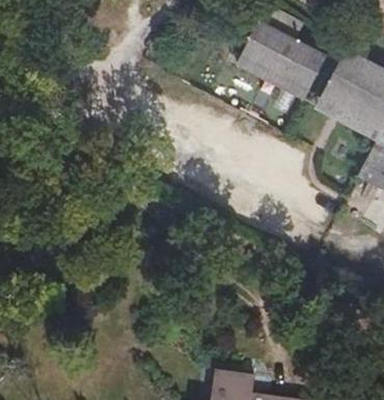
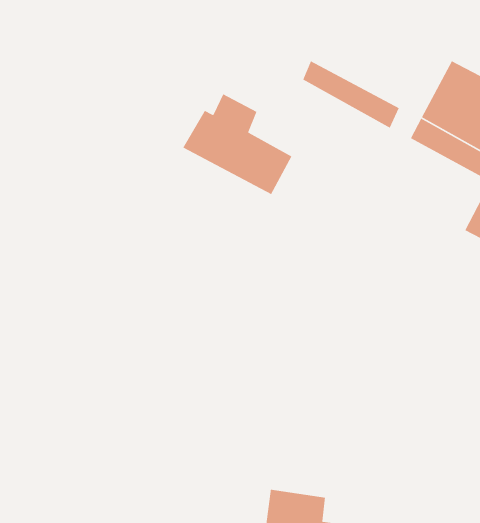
building: [244,10,326,86] -> [182,93,293,195]

